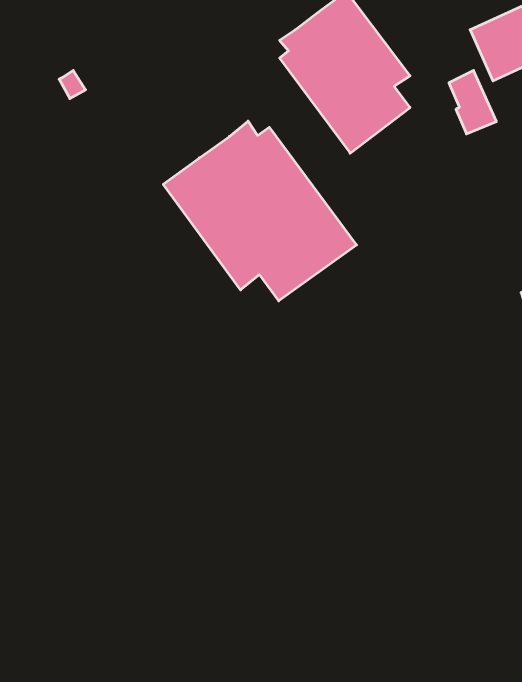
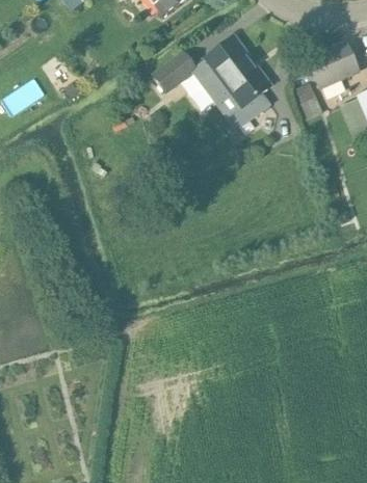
building: none -> [152,50,200,95]
building: [163,121,357,301] -> none

